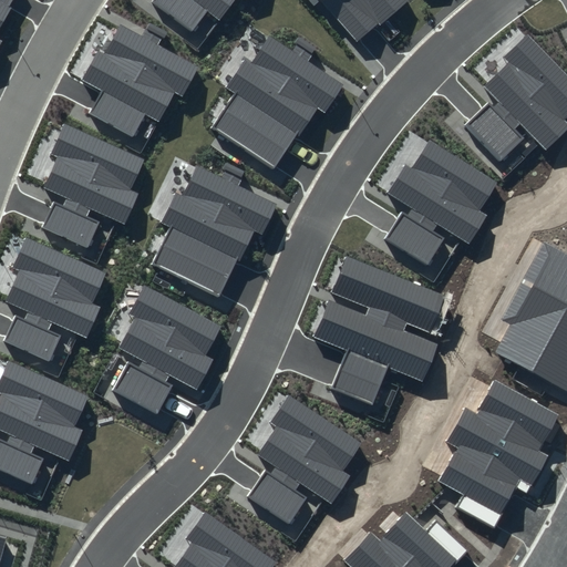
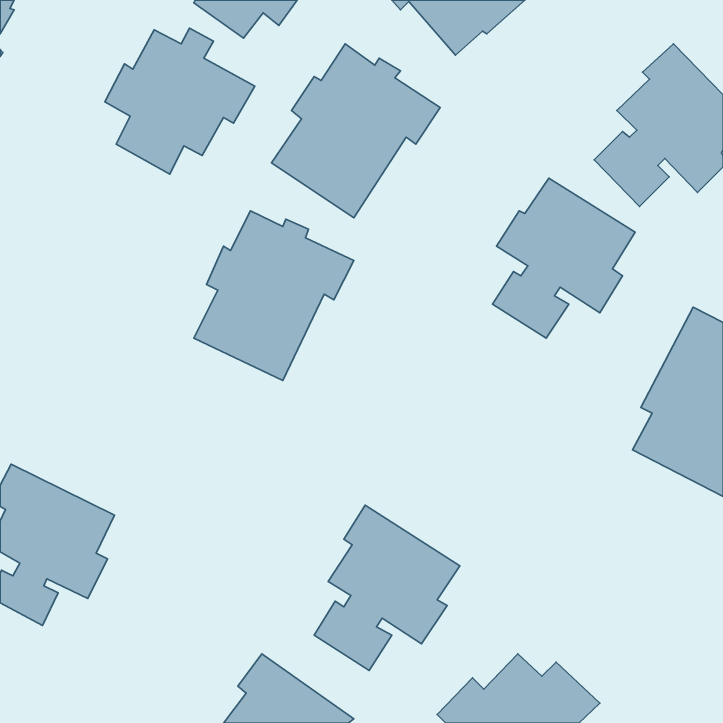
building: [45,126,145,252] -> none
building: [7,239,106,365] -> none
building: [313,256,444,404] -> none
building: [112,285,220,413] -> none
building: [439,379,558,527] -> none

